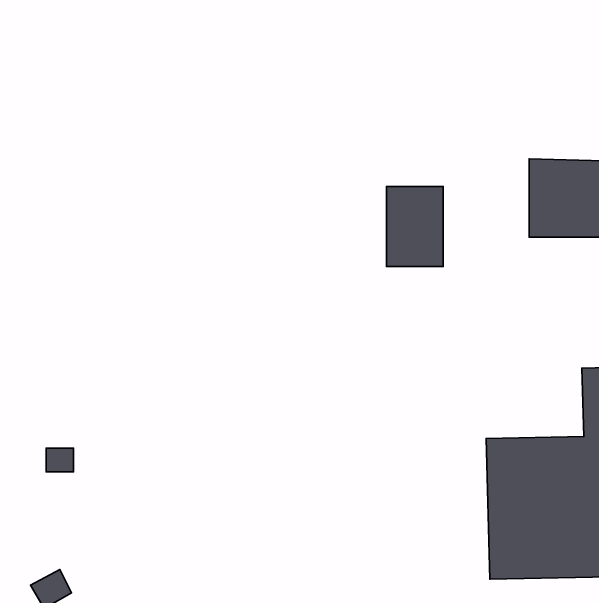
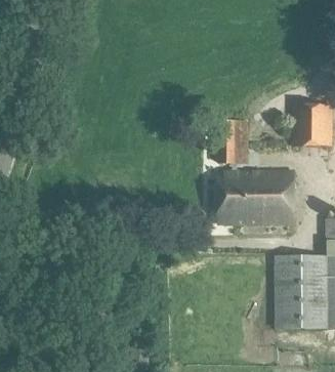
building: none -> [221,172,297,226]

